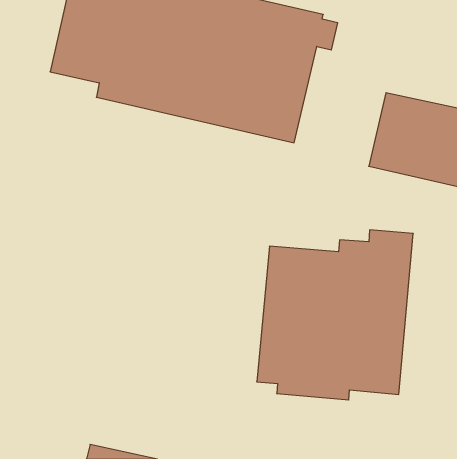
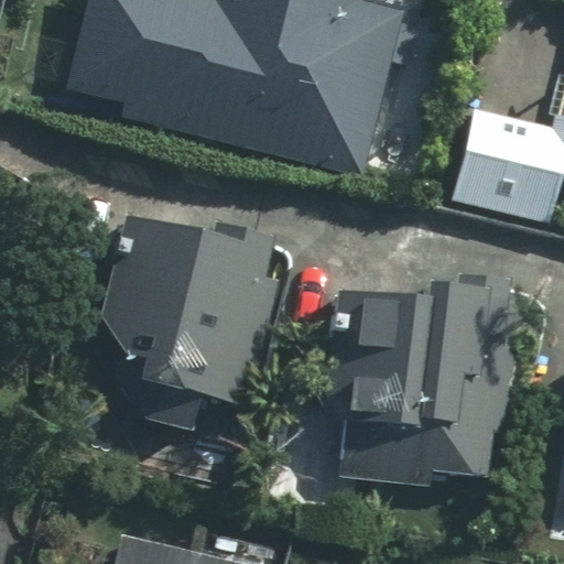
building: none -> [101,225,274,408]

